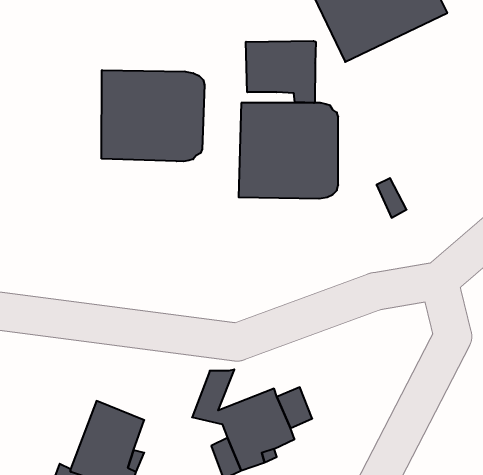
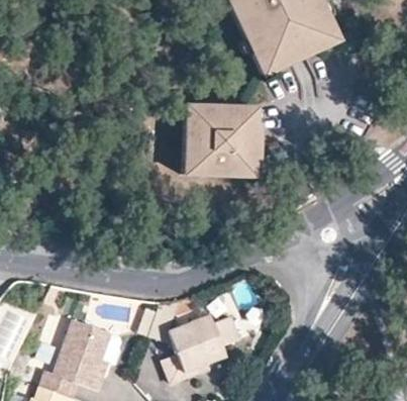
building: [246,41,316,103] -> none
building: [102,70,204,161] -> none

